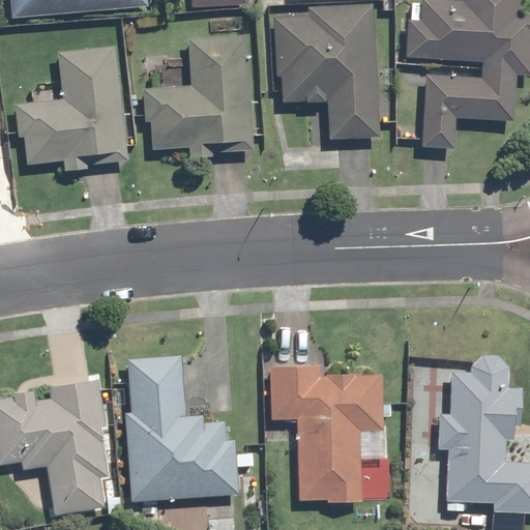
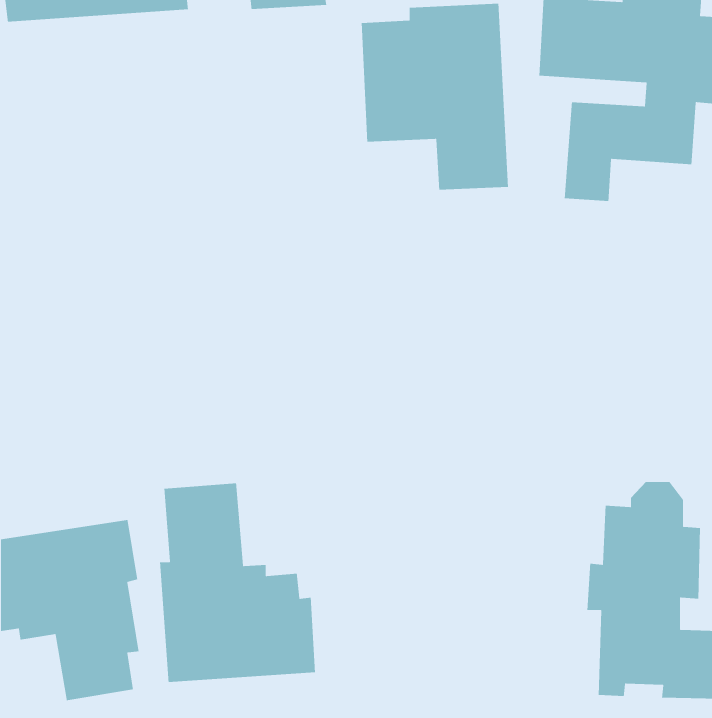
building: [141,34,254,155] -> none
building: [13,45,128,170] -> none
building: [268,364,386,504] -> none

